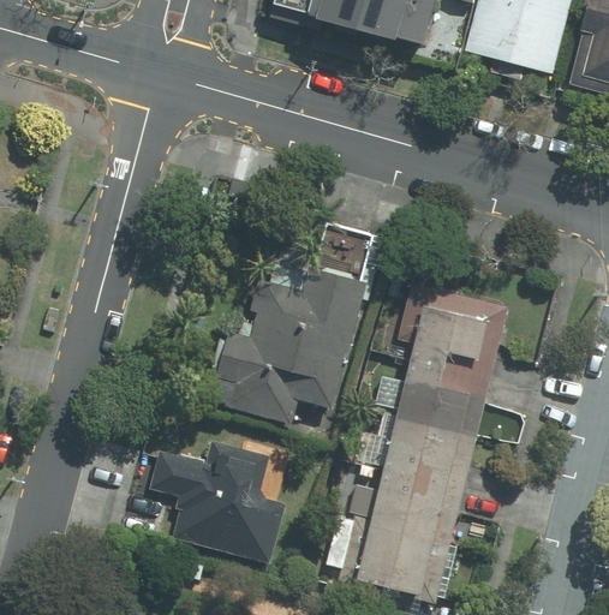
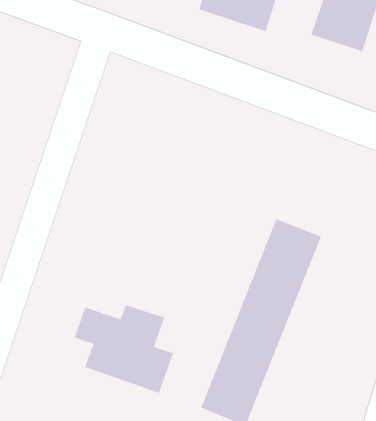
building: [232,221,388,423] -> none

